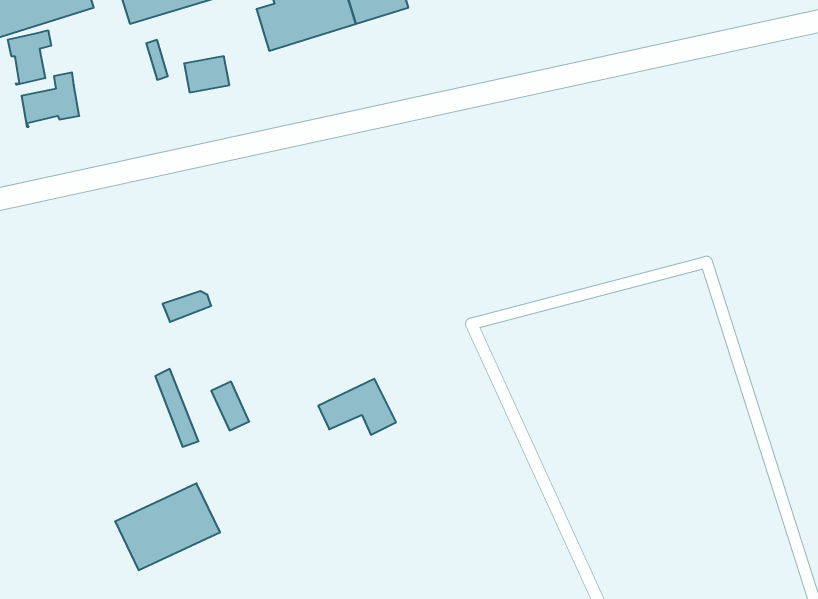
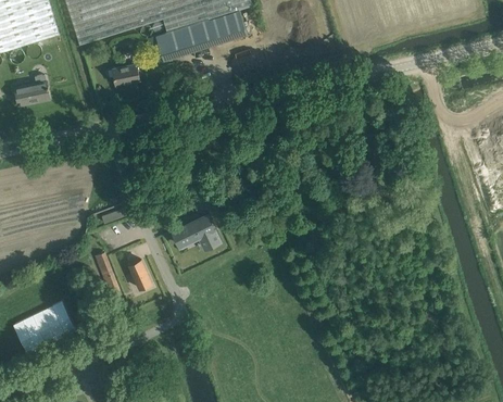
building: [8,30,51,85] -> none
building: [318,379,396,435] -> [173,214,219,248]
building: [115,483,220,570] -> [12,301,75,353]

